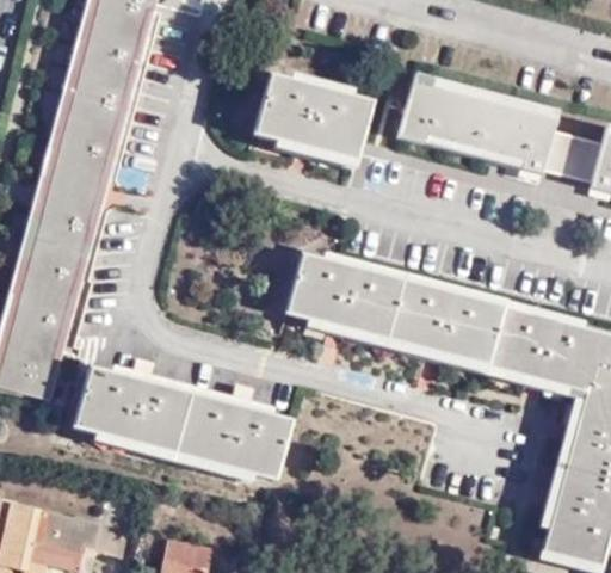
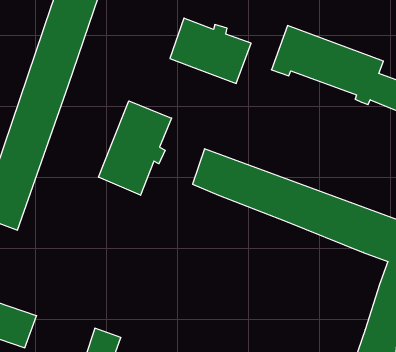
building: none -> [99,101,172,195]
building: [75,364,289,479] -> none

